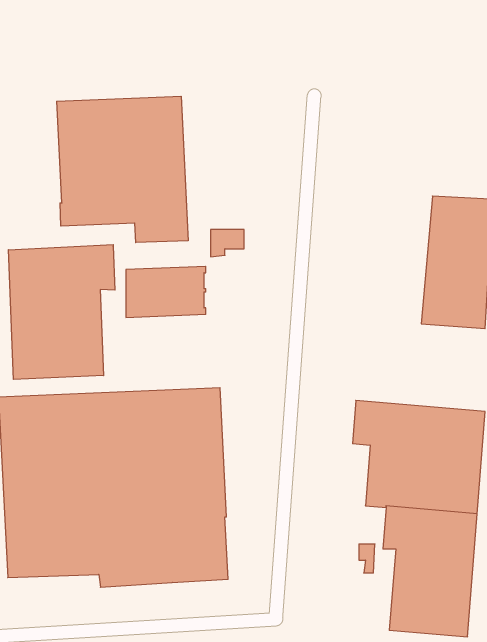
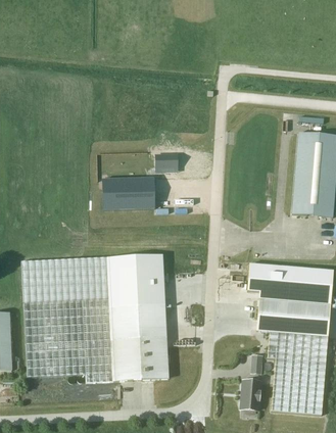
building: [57,96,188,243] -> none
building: [8,245,115,379] -> none
building: none -> [240,381,257,410]

